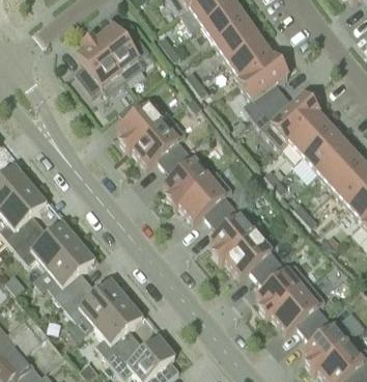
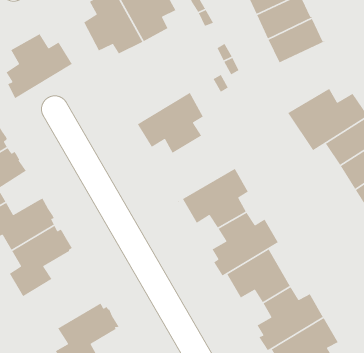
building: [237,56,287,119] -> none
building: [116,94,170,152] -> [5,33,73,99]
building: [163,149,217,207] -> none
building: [61,278,125,326] -> none

